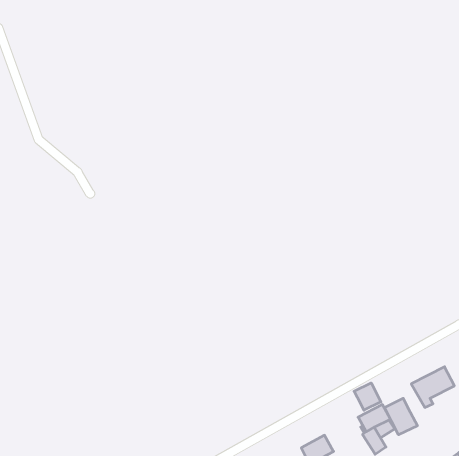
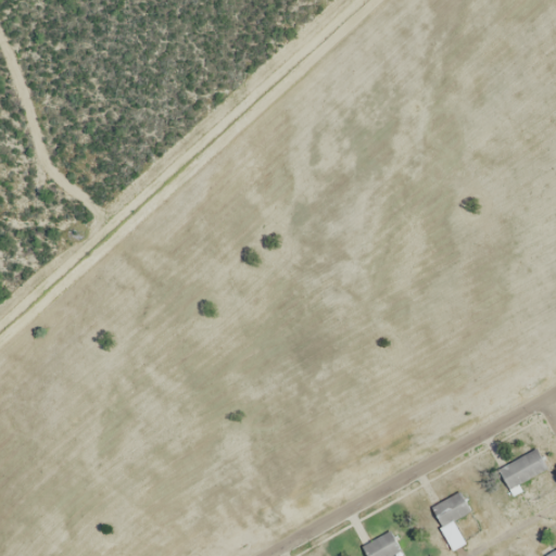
building: [354,383,381,410] -> none
building: [384,398,417,435] -> none

